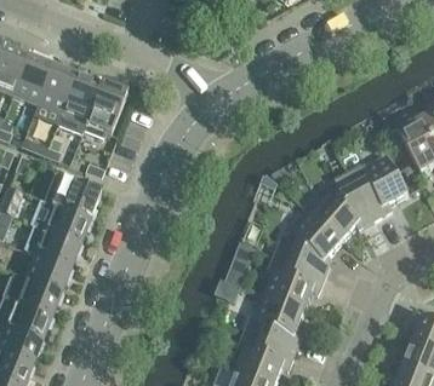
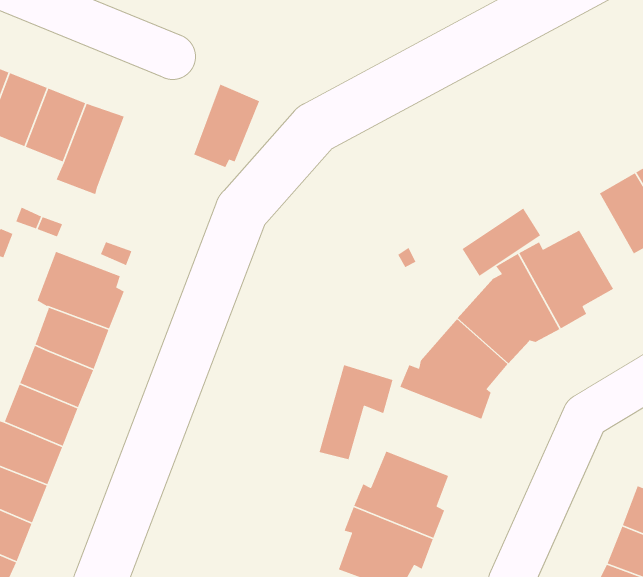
building: [85,81,127,134] -> [193,84,260,168]
building: none -> [462,208,541,277]
building: [267,252,327,307] -> none

